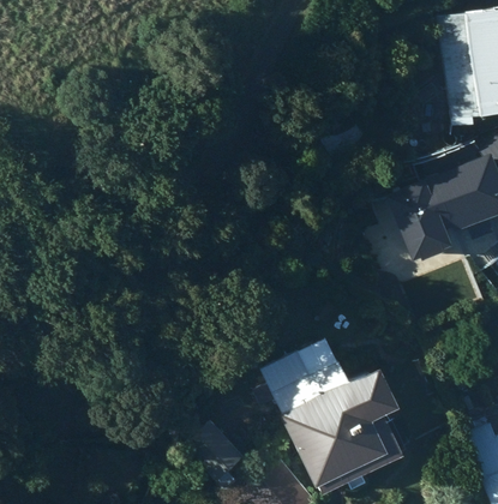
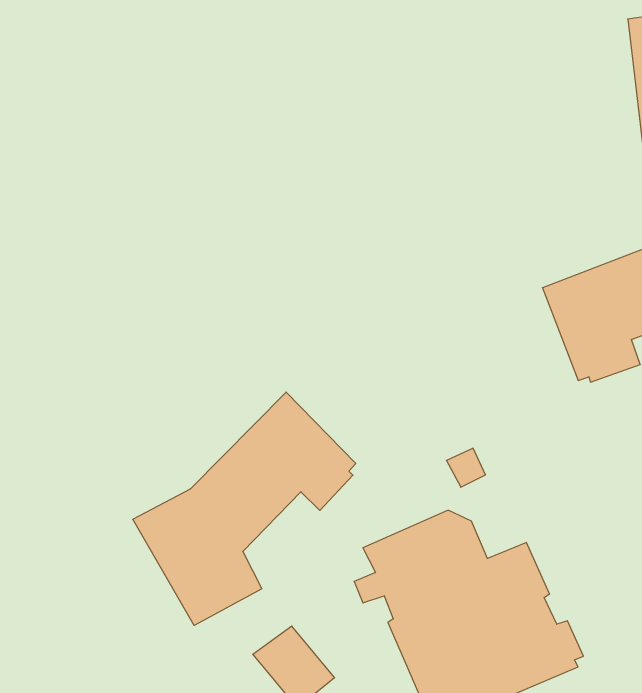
building: none -> [133,392,356,625]

